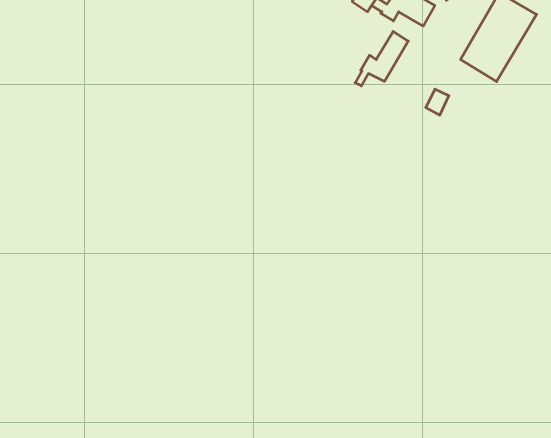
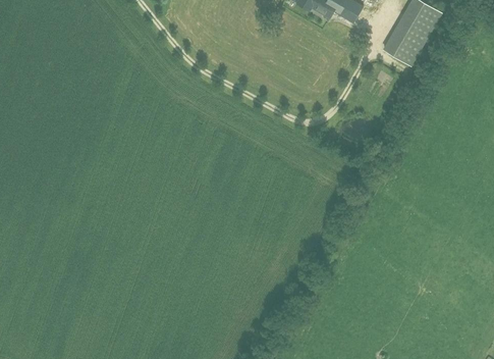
building: [355,31,408,86] -> none

